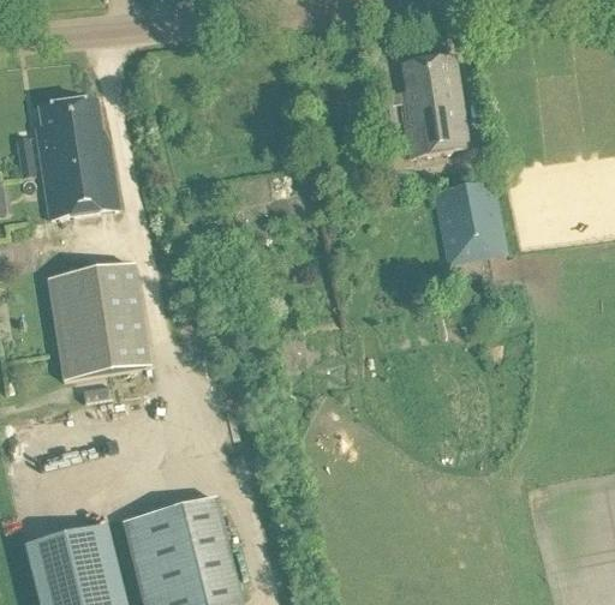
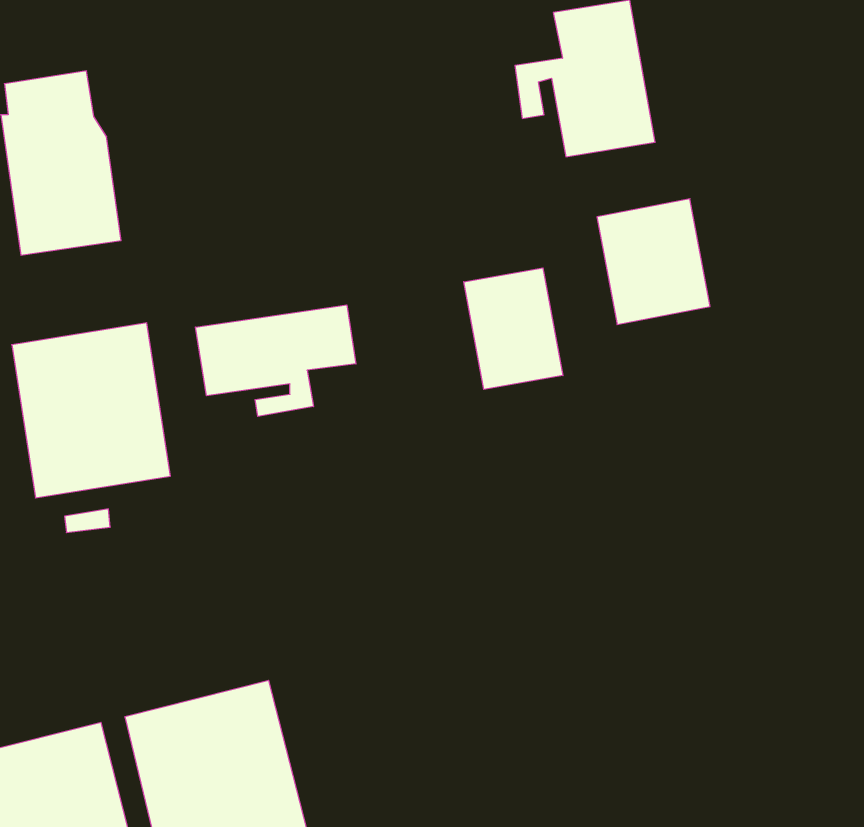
building: none -> [464,268,563,389]
building: none -> [195,305,356,416]

